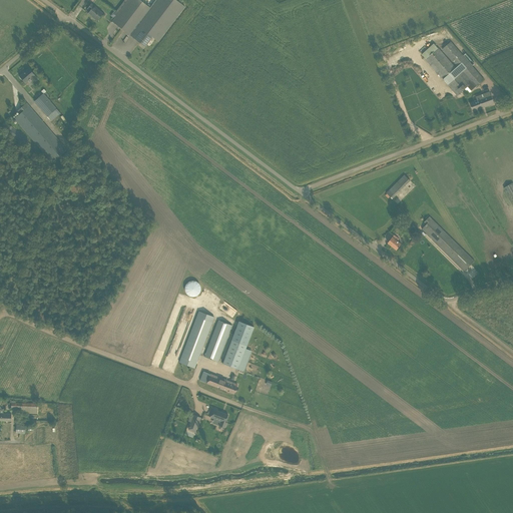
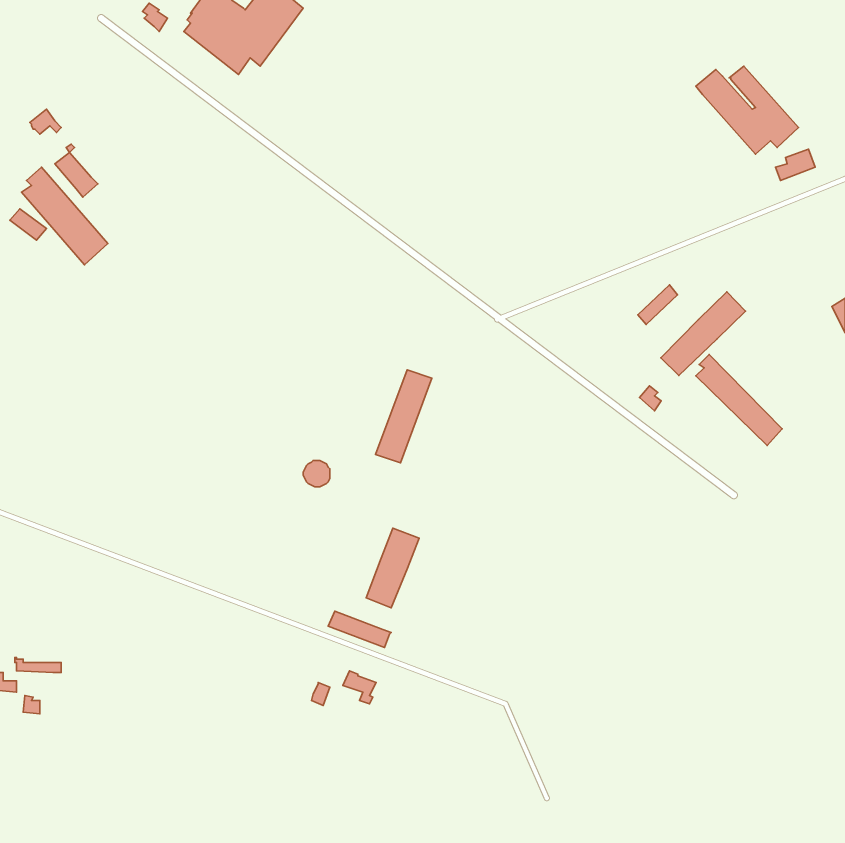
building: none -> [661,292,745,376]
building: [178,310,212,366] -> [376,370,432,463]
building: [202,319,231,360] -> none

